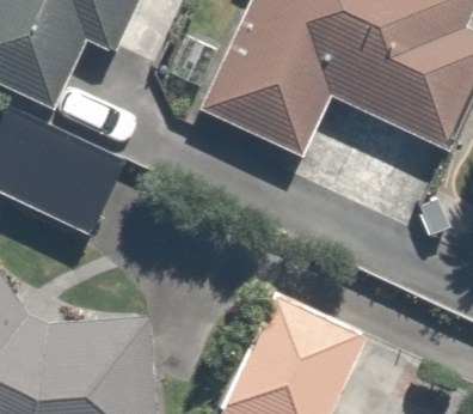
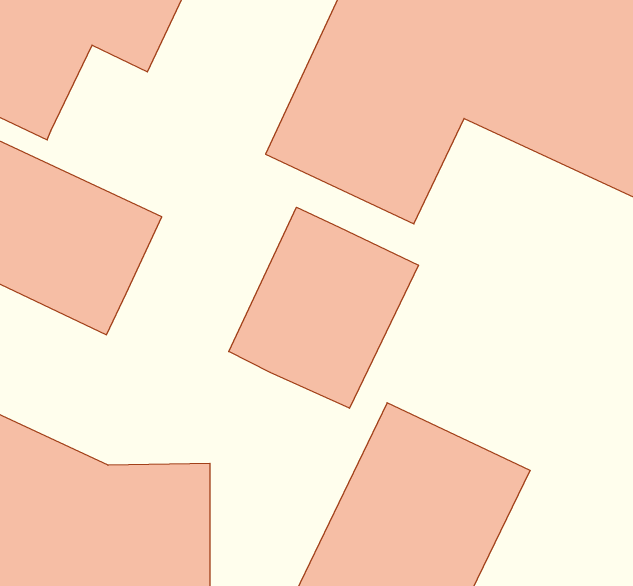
building: none -> [229,207,418,408]

